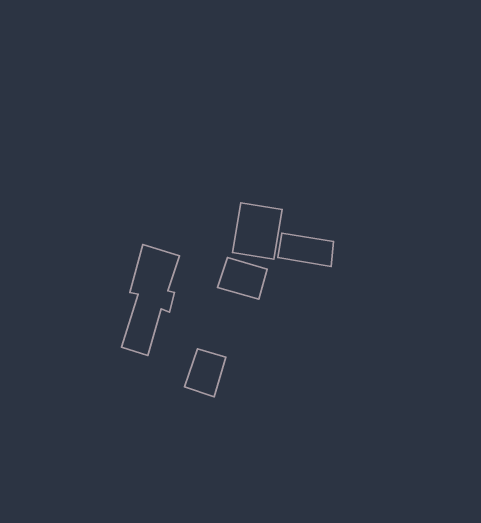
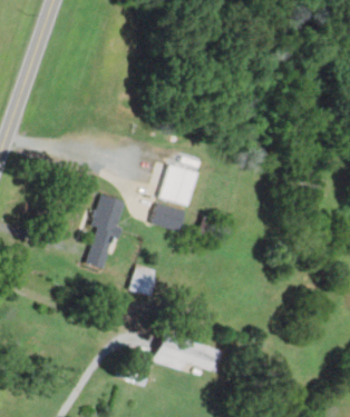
building: [278,233,333,266] -> none
building: none -> [153,335,220,371]

